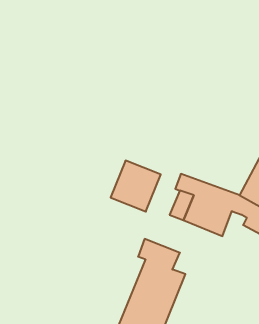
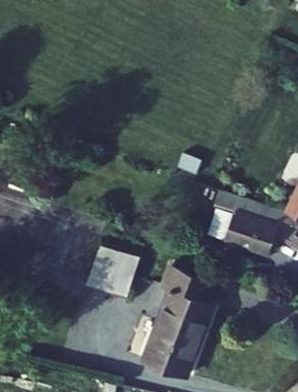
building: [111,161,161,212] -> [87,237,142,293]

